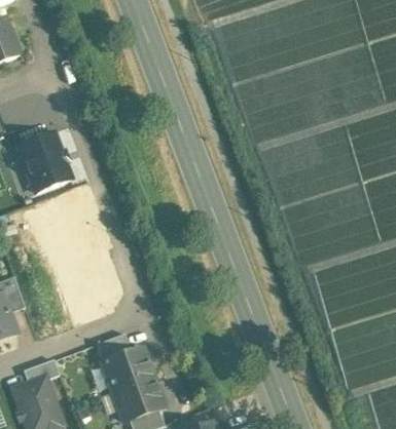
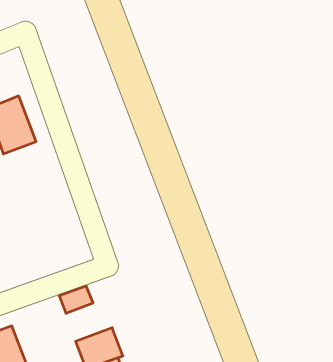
building: [103,347,152,391] -> none

